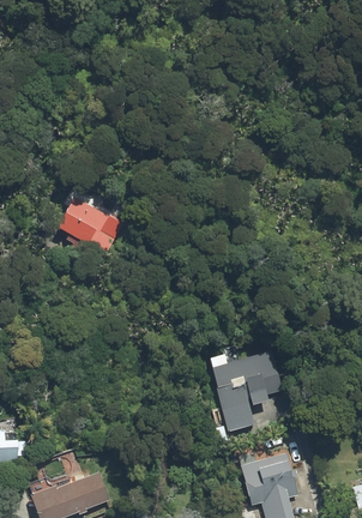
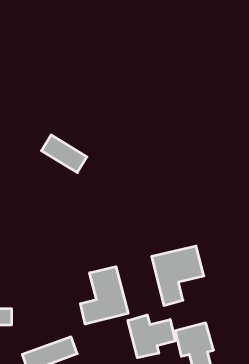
building: none -> [80,267,128,324]
building: none -> [128,315,175,358]

